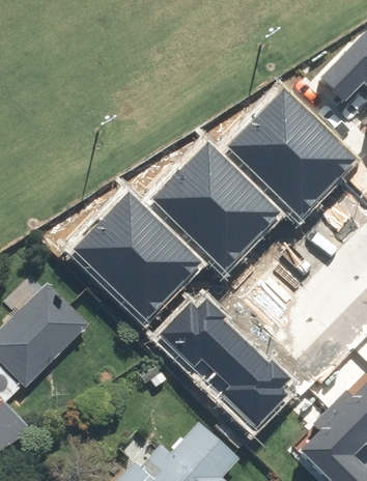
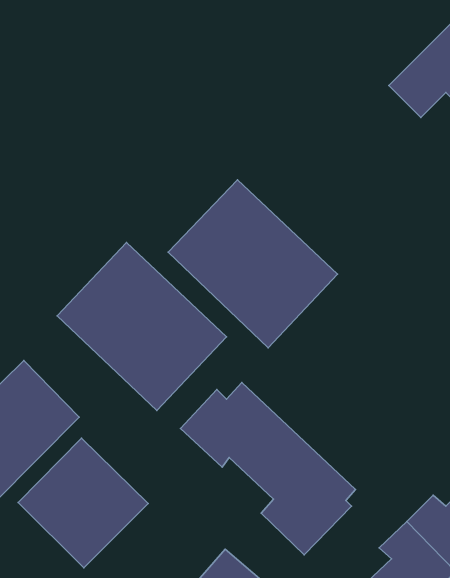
building: [229,91,356,216] -> none
building: none -> [18,438,148,568]

